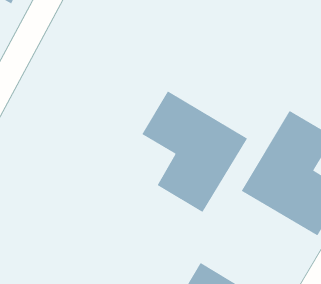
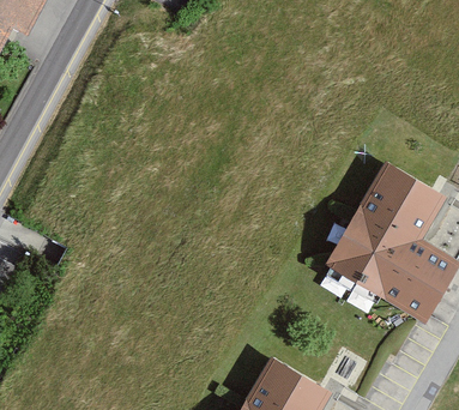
building: [141,90,248,213] -> none

